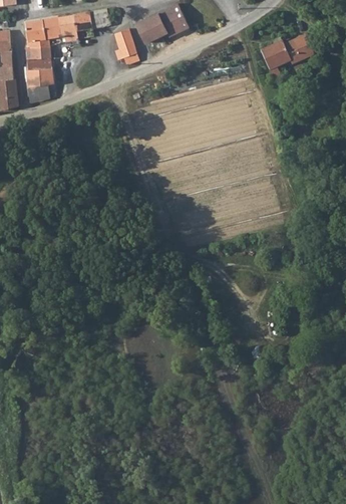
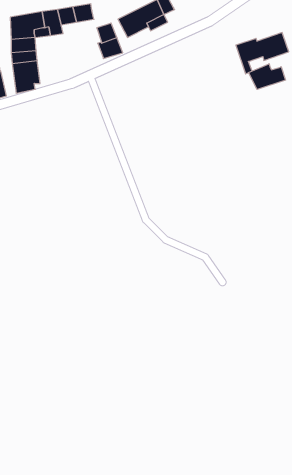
building: none -> [249,64,285,89]

